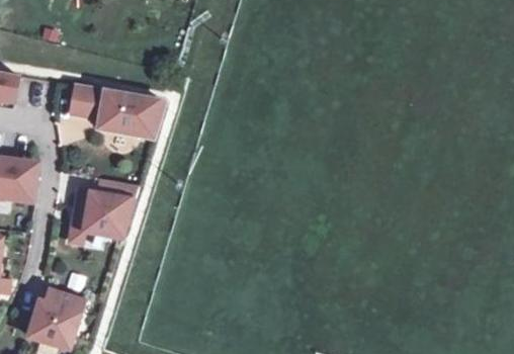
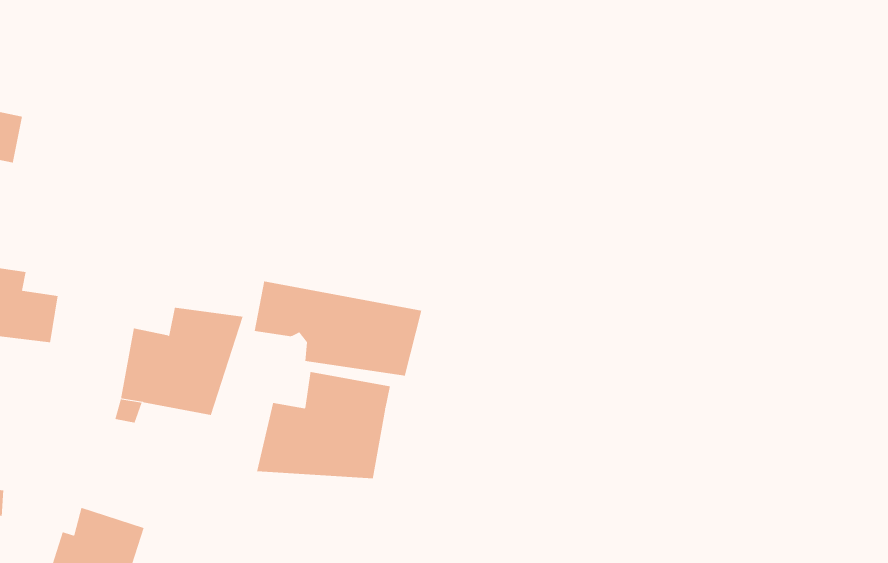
building: [73,86,164,138] -> [254,281,422,376]
building: none -> [256,371,390,479]

